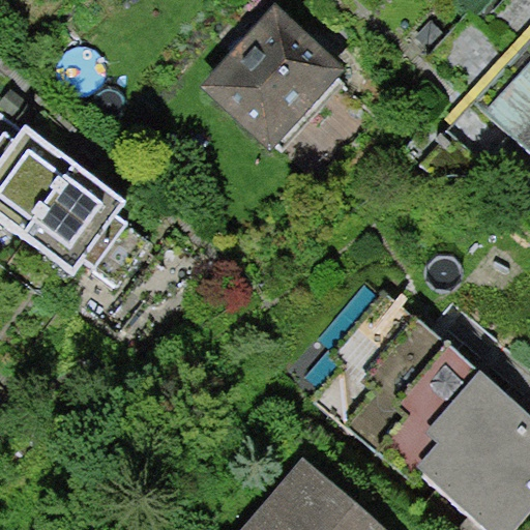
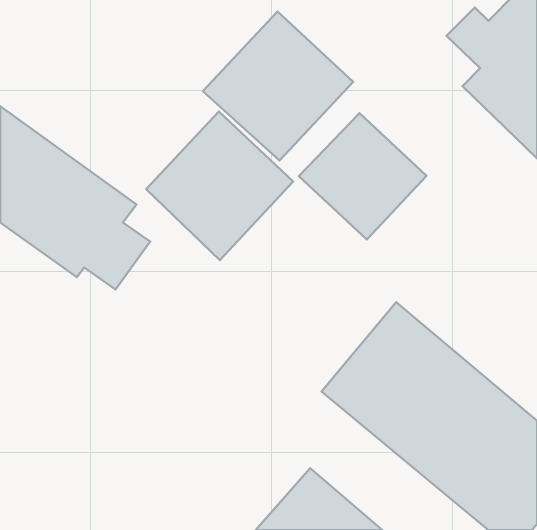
building: none -> [146,112,293,260]
building: none -> [299,113,427,239]

